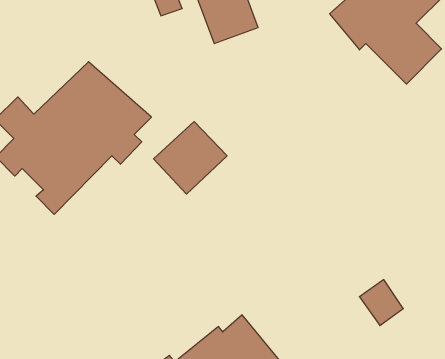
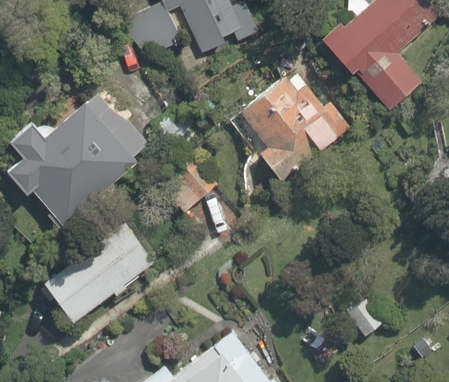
building: none -> [238,75,354,182]
building: none -> [36,214,160,323]

